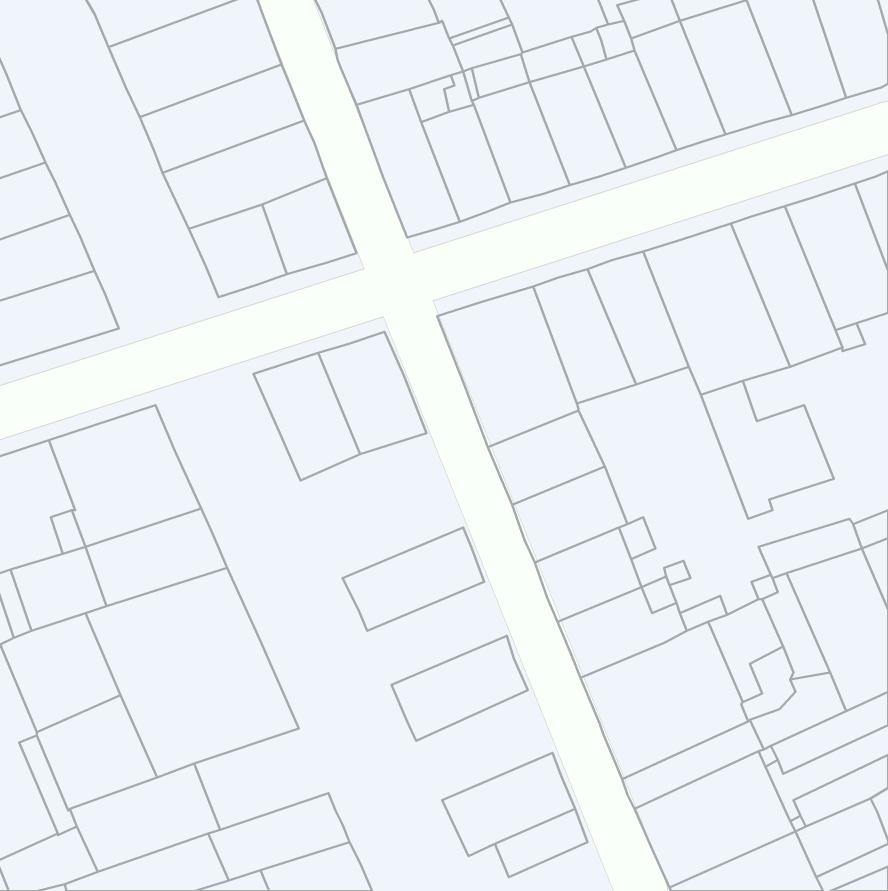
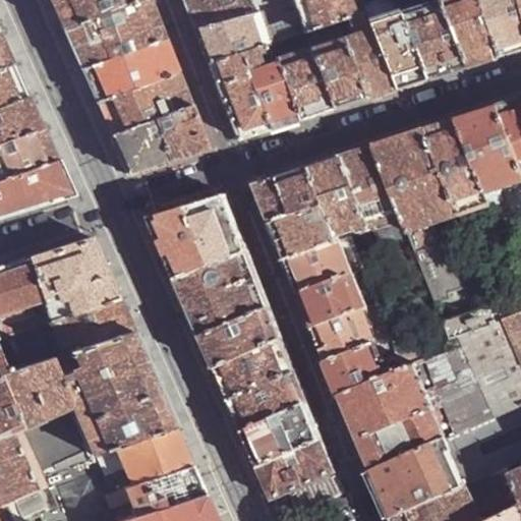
building: none -> [175,252,270,337]
building: none -> [214,339,295,399]
building: none -> [242,402,322,466]
building: none -> [113,424,191,483]

